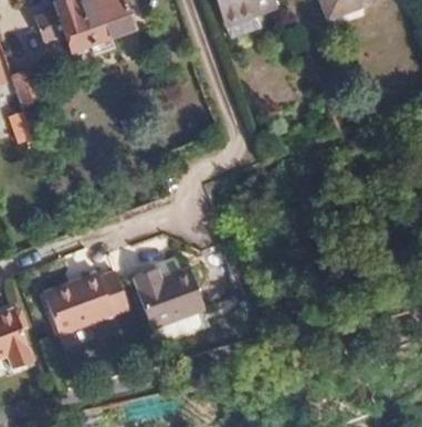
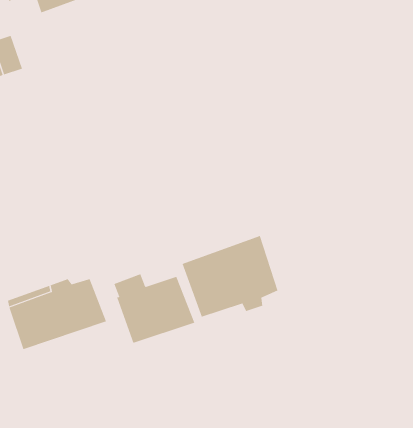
building: none -> [182,235,278,317]

